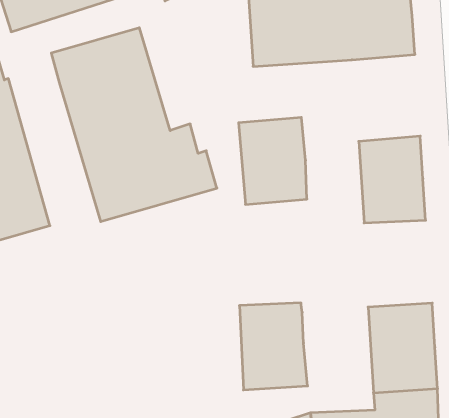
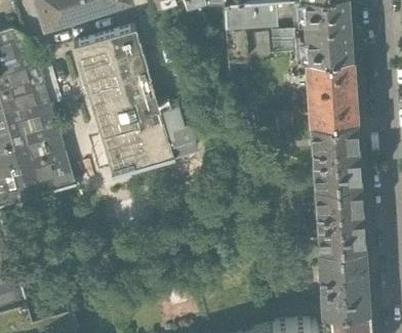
building: [239,117,307,204] -> [304,49,356,116]
building: [239,303,308,390] -> [313,176,365,243]

